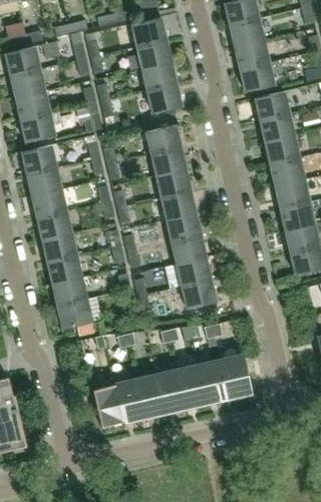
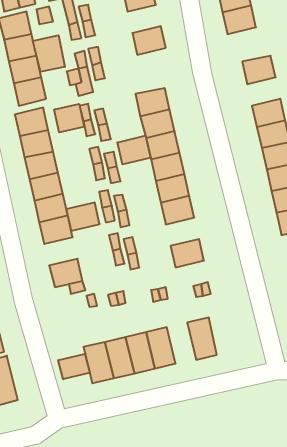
building: [137,40,172,69] -> none
building: [240,61,281,92] -> none
building: none -> [33,35,65,72]
building: [147,84,182,113] -> none
building: [260,114,294,143] -> none
building: none -> [54,104,84,132]
building: none -> [117,136,151,164]
building: [177,258,211,287] -> none
building: [52,278,86,307] -> [66,202,100,231]
building: [221,355,251,398] -> none
building: [178,365,208,407] -> none
building: none -> [58,354,90,379]

